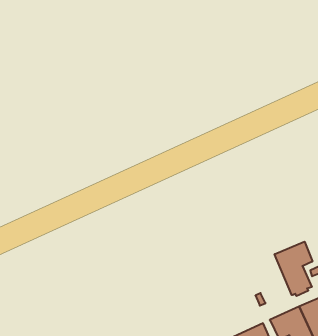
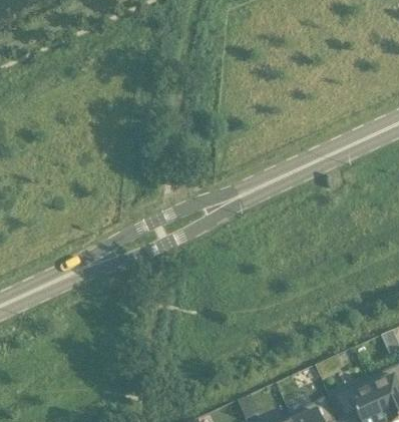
building: [275,242,312,296] -> none

